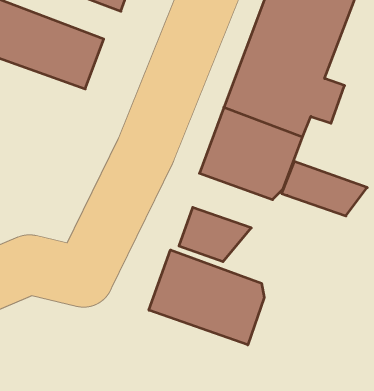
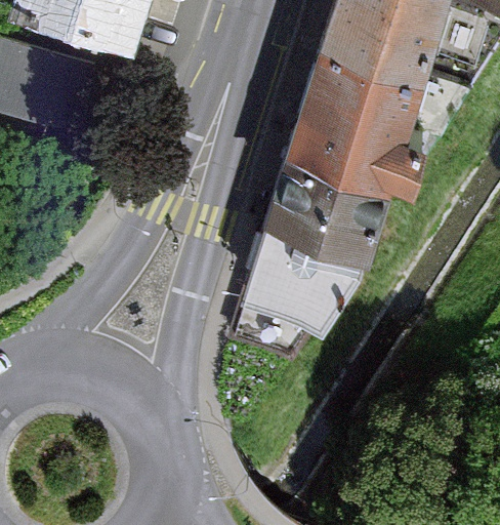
building: [282,161,367,216] -> [249,235,356,299]
building: [149,250,264,345] -> none

